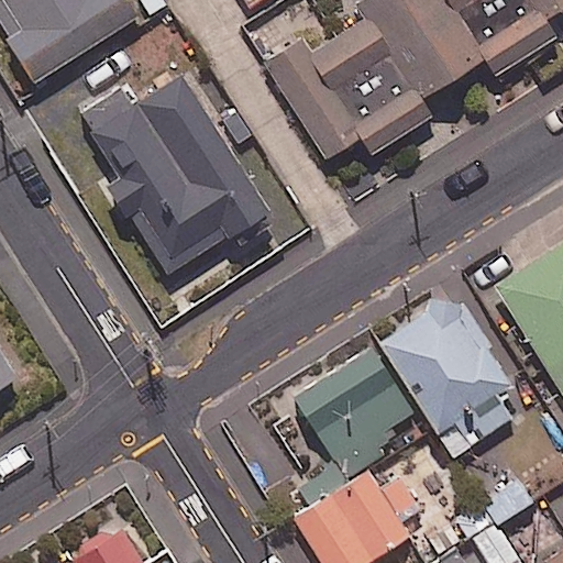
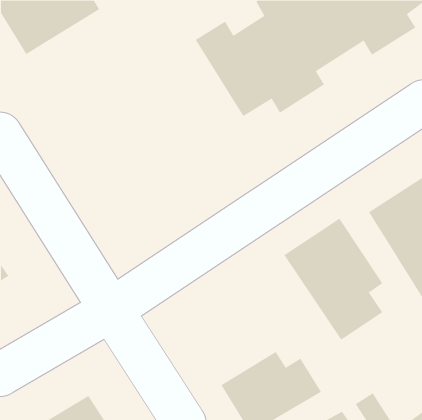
building: [85,57,277,275] -> none
building: [294,347,412,476] -> none

